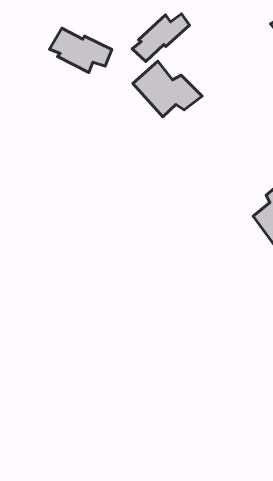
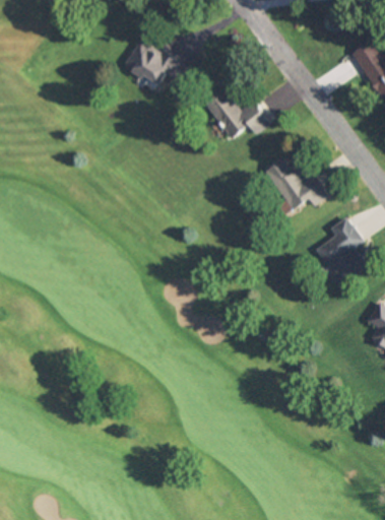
building: [132,14,189,62] -> none
building: none -> [264,158,326,207]

